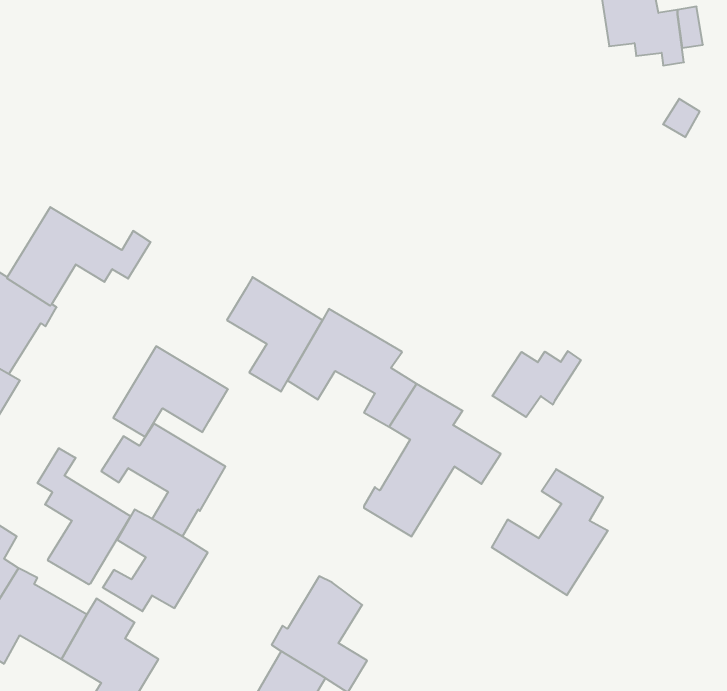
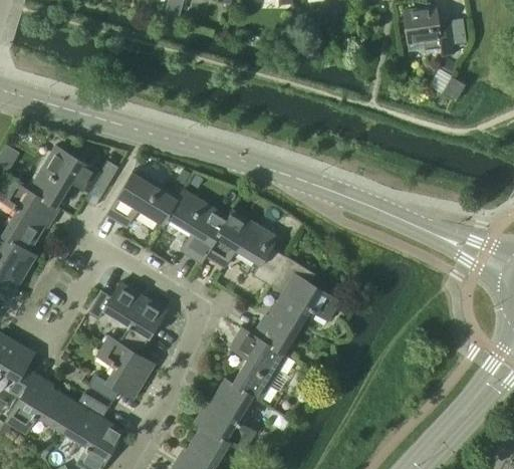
building: [113,346,228,437] -> [106,171,179,228]
building: [492,351,581,417] -> none
building: [38,448,131,584] -> none
building: [492,469,608,595] -> none
building: none -> [230,328,287,402]

